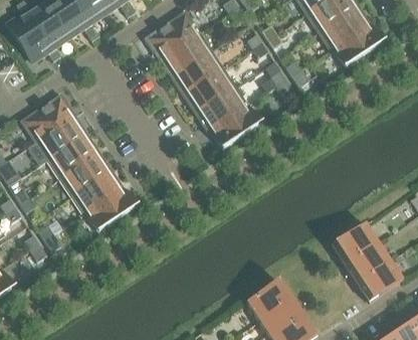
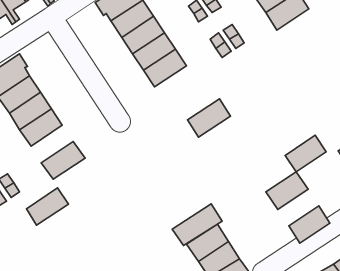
building: [209,105,256,147] -> [188,99,230,137]
building: [73,170,120,211] -> [27,188,69,225]
building: [345,240,390,281] -> [285,135,326,172]
building: none -> [172,204,222,246]

